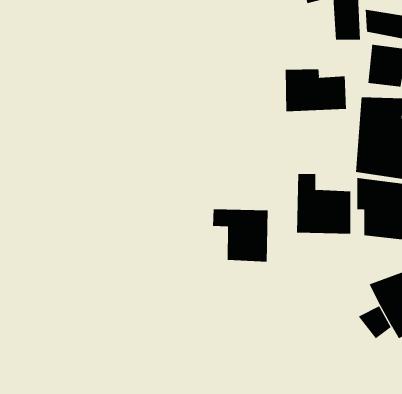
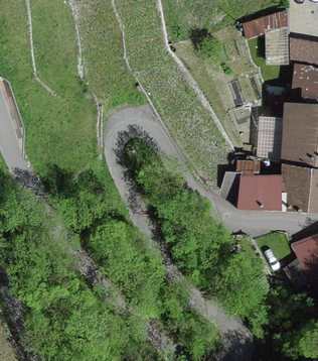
building: [285,68,347,112] -> none
building: [212,208,268,262] -> none

